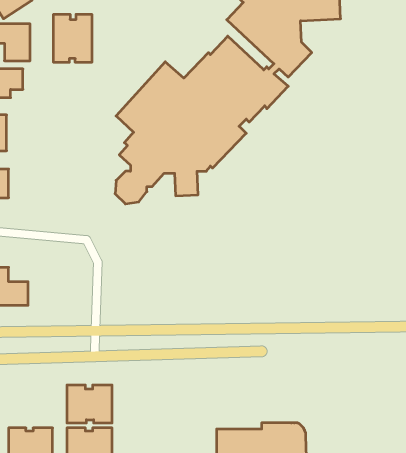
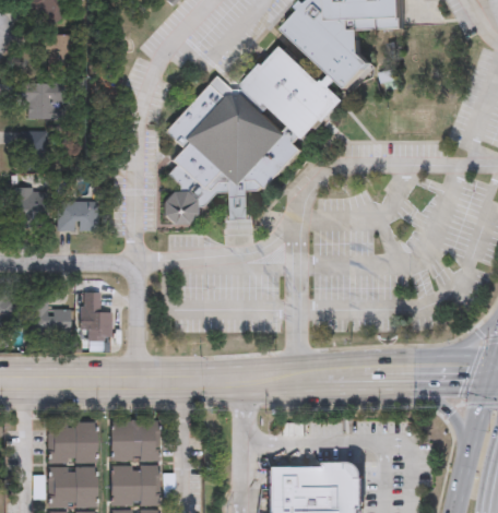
building: [54,14,92,62] -> none
building: none -> [57,194,96,230]
building: none -> [84,293,110,341]
building: none -> [48,420,95,461]

